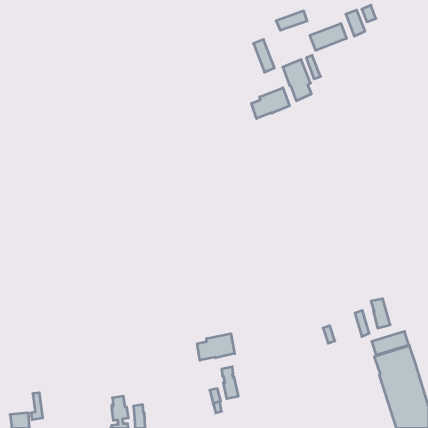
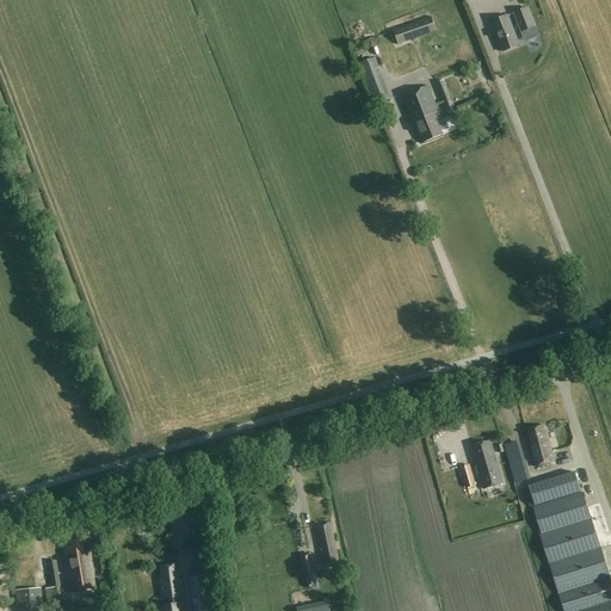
building: [310,23,346,50] -> none
building: [251,88,290,119] -> none
building: none -> [473,439,505,488]
building: [197,334,235,360] -> none
building: none -> [63,537,94,588]

